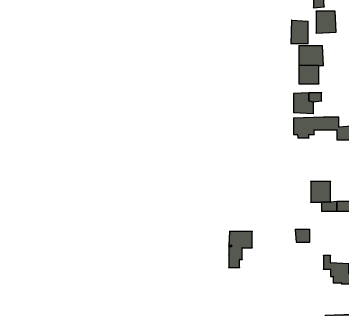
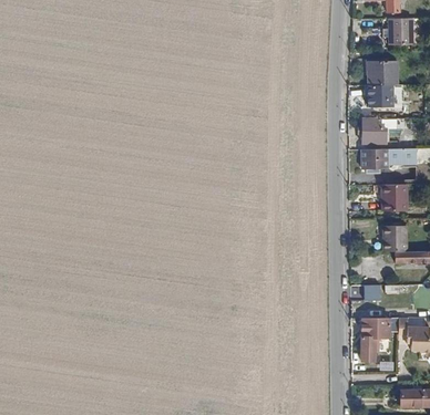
building: [291,20,308,44] -> none
building: none -> [382,185,408,211]
building: [229,231,252,268] -> [361,318,390,362]

